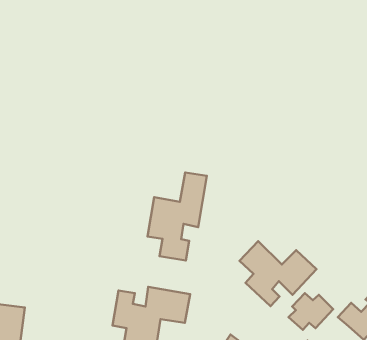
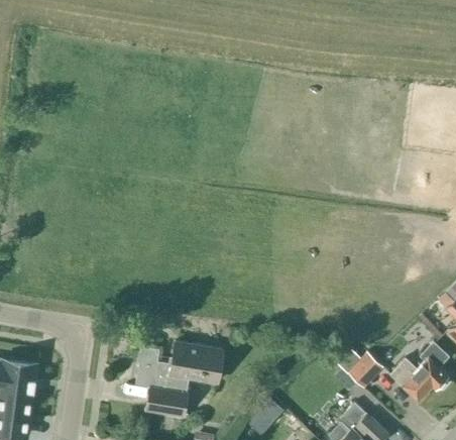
building: [147,173,207,260] -> none
building: [240,241,317,306] -> none

